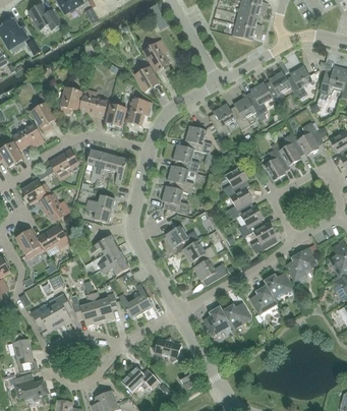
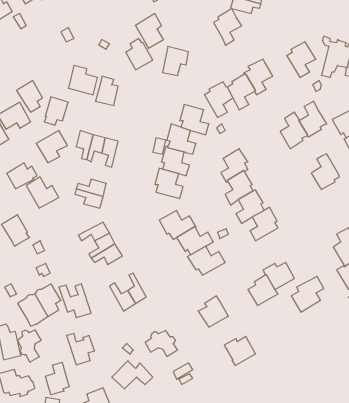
building: [264,71,290,106] -> [214,9,242,45]
building: [59,86,81,113] -> [44,97,68,125]
building: [125,98,150,125] -> [162,46,188,76]
building: [263,148,289,181] -> [311,154,339,189]
building: [39,225,70,250] -> none
building: [285,247,315,281] -> [291,276,324,312]
building: [92,292,118,321] -> [66,333,95,365]
building: [222,302,251,330] -> [224,336,256,366]
building: none -> [17,330,41,362]
building: none -> [45,362,69,395]

